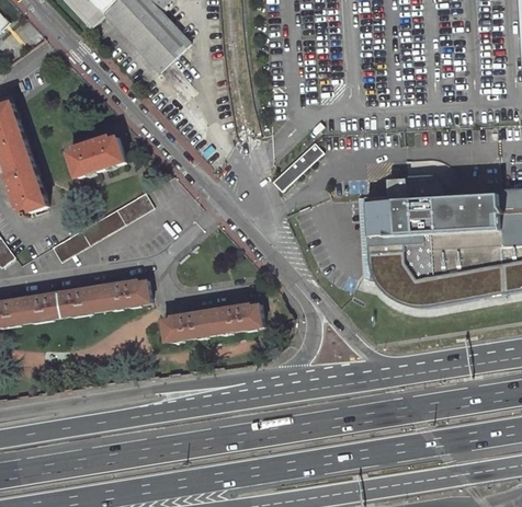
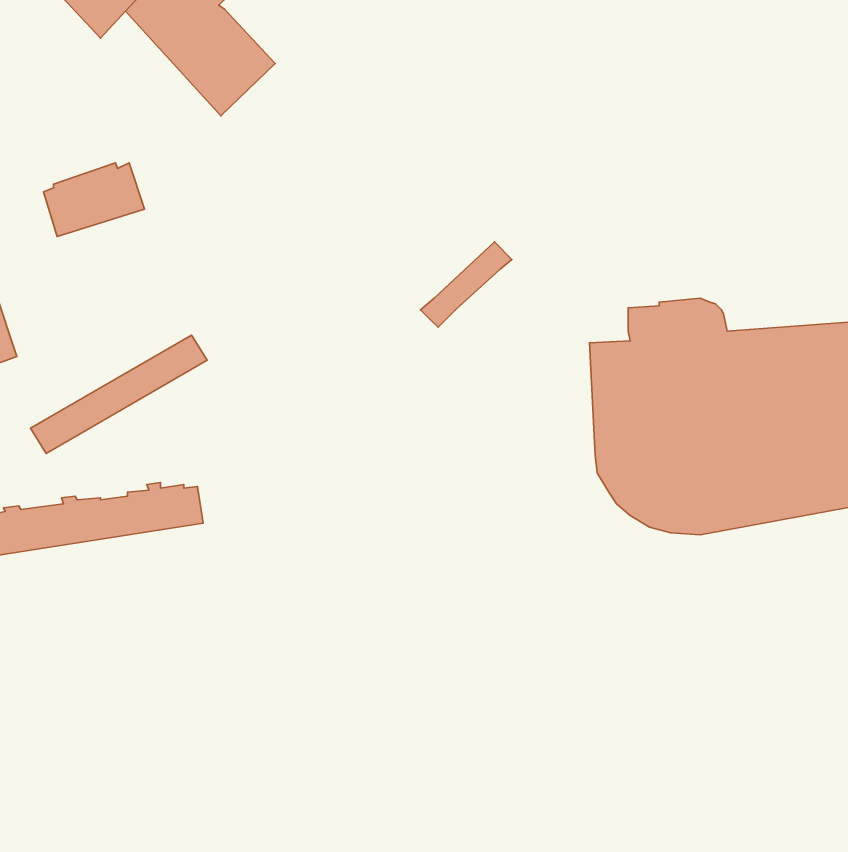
building: [67,138,124,180] -> [44,163,145,236]
building: [159,302,262,343] -> none

